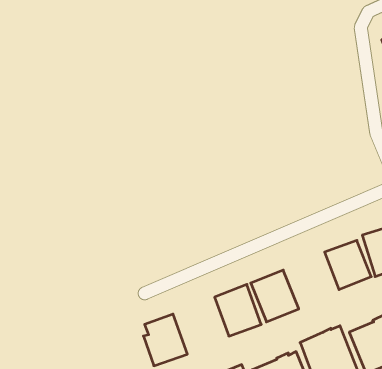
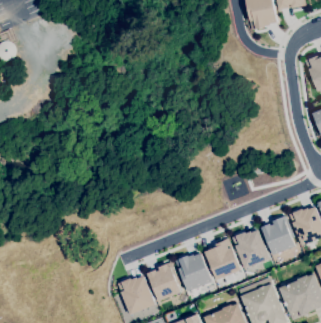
building: none -> [232,228,269,268]
building: none -> [147,263,182,301]

